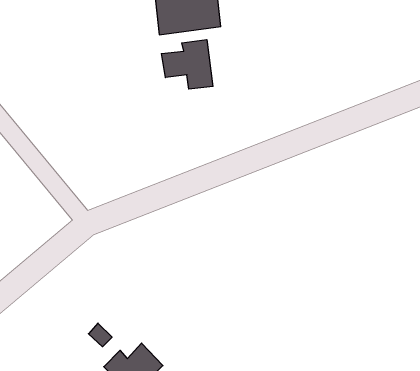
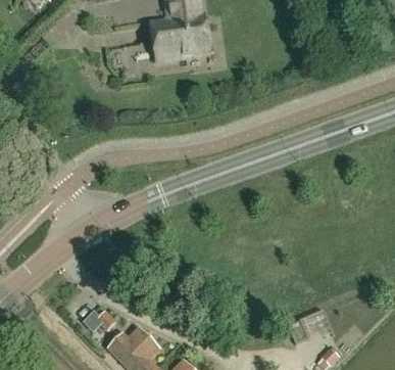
building: [161,40,213,89] -> none

